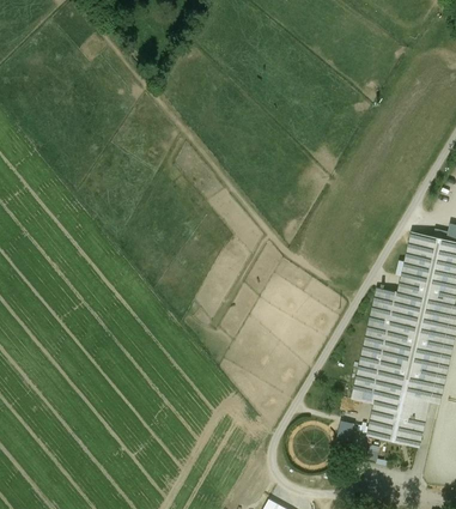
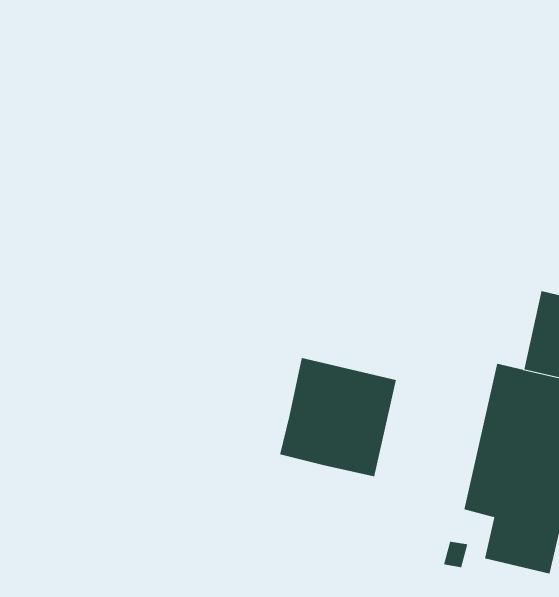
building: none -> [279,357,397,477]

